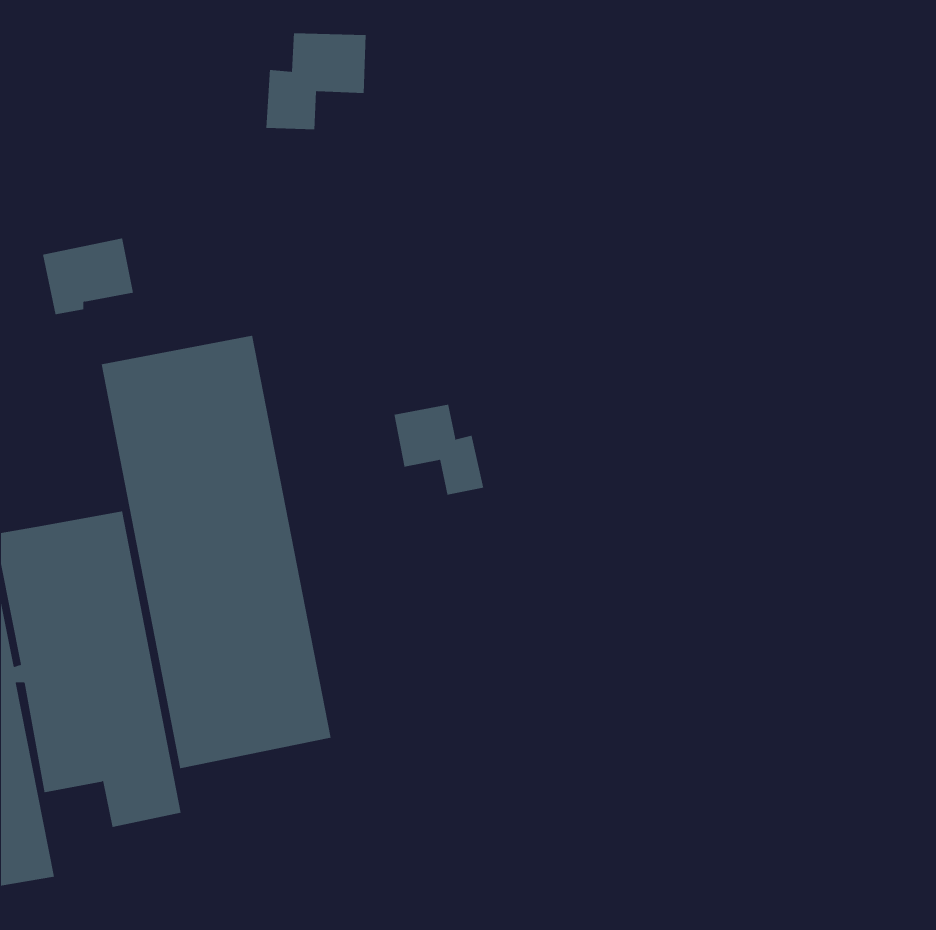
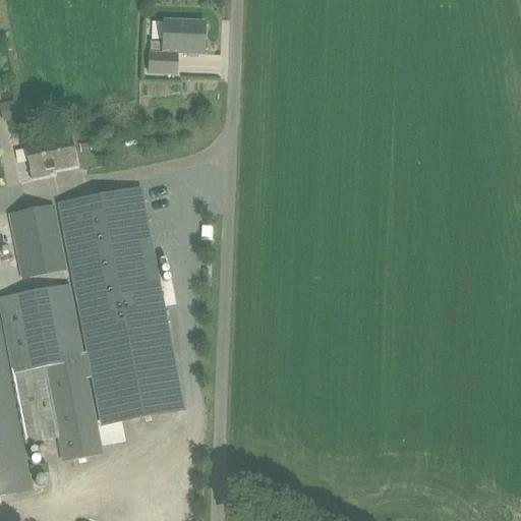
building: none -> [7,201,65,276]
building: [394,404,484,495] -> none

